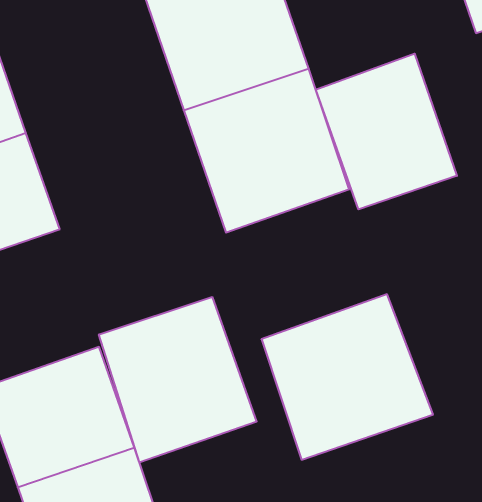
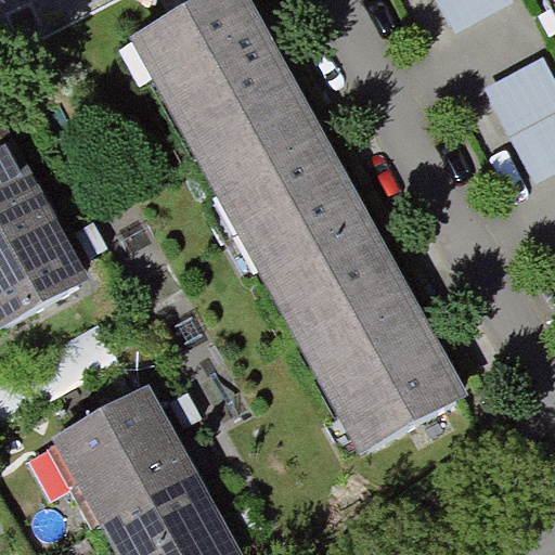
building: [316,54,457,209] -> none
building: none -> [249,198,410,352]
building: [99,297,257,463] -> none

